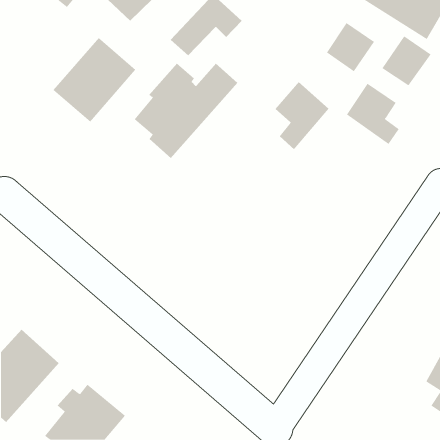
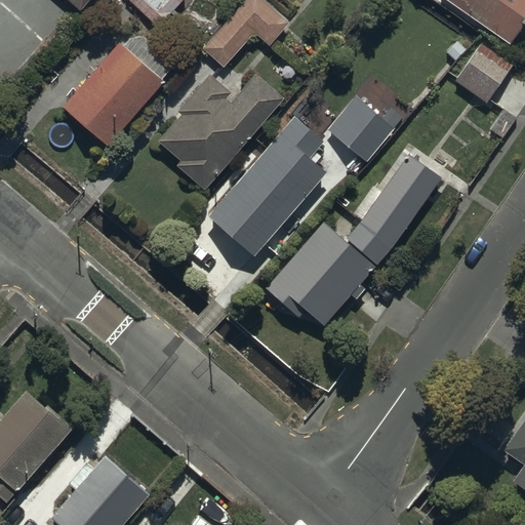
building: [326,22,375,72] -> none
building: [346,83,399,145] -> none
building: none -> [208,117,327,255]
building: none -> [261,154,441,325]

